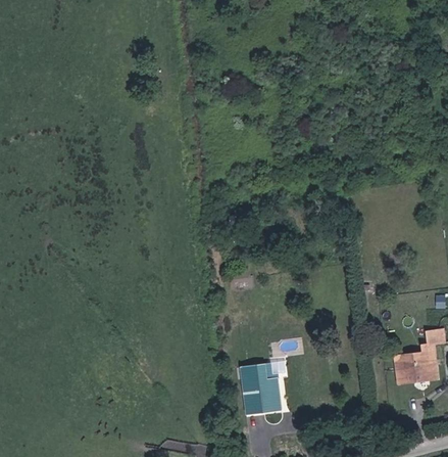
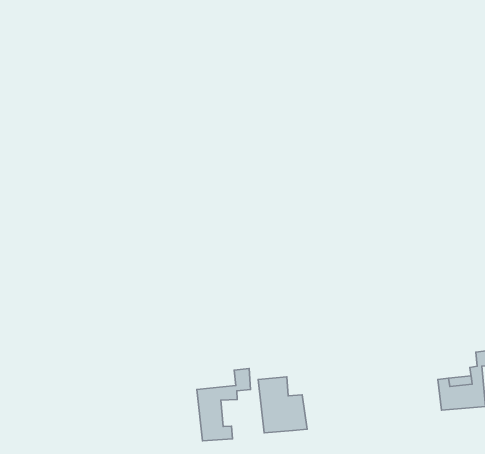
building: none -> [197,368,251,441]

